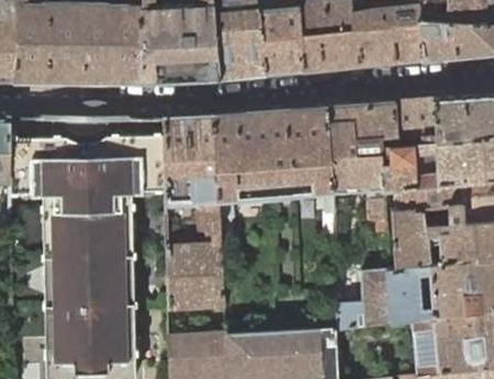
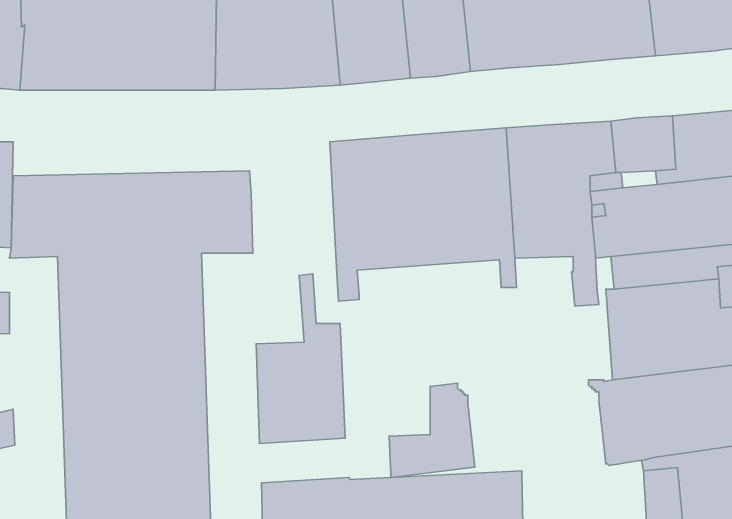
building: [162,116,221,233] -> none
building: [336,269,391,330] -> [389,383,475,477]

